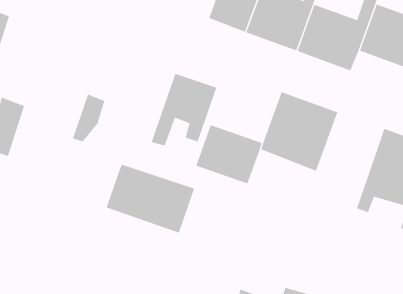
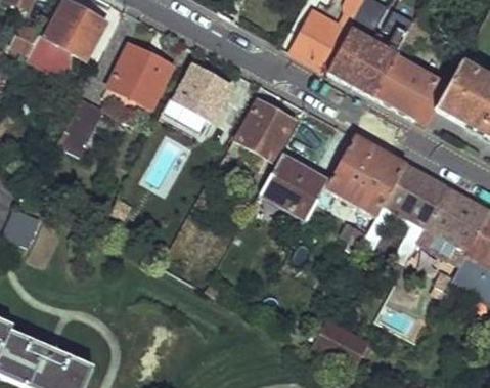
building: none -> [107,42,173,105]
building: none -> [173,63,231,120]
building: none -> [374,162,448,285]
building: [106,164,195,233] -> none

